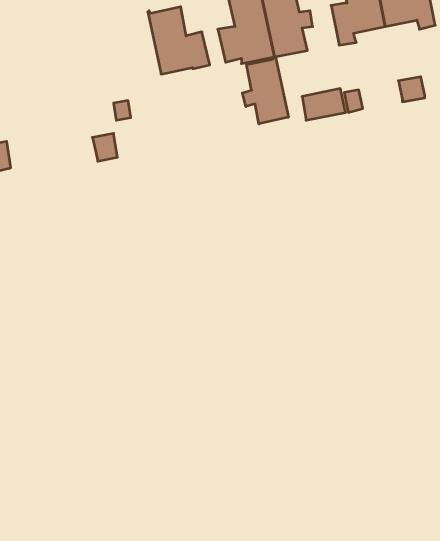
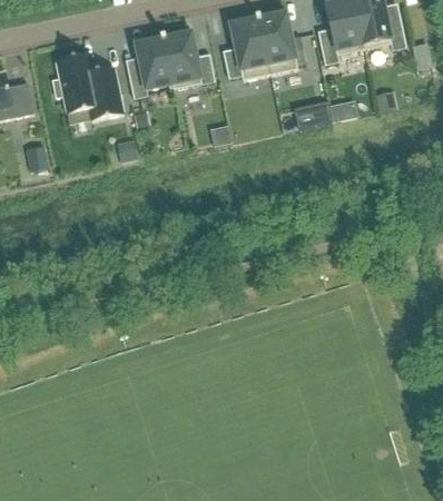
building: none -> [128,36,175,98]
building: none -> [53,52,124,119]
building: [242,57,288,124] -> none

